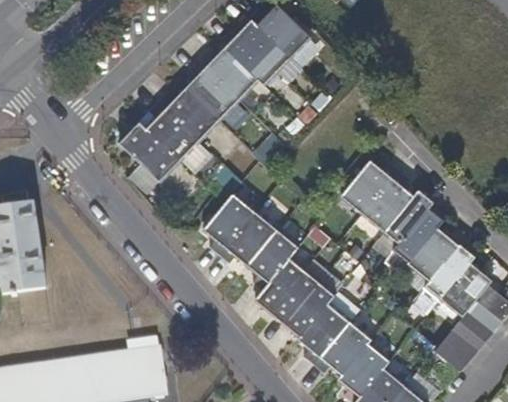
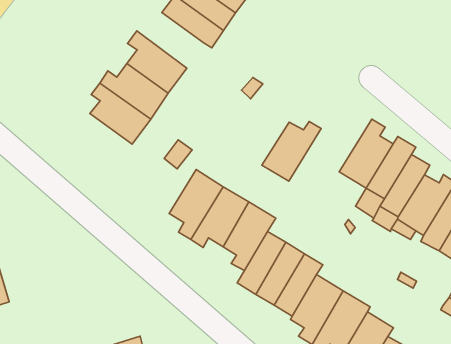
building: [199,48,258,101] -> none
building: [119,123,180,182] -> none
building: [340,161,398,214] -> [262,121,321,181]

